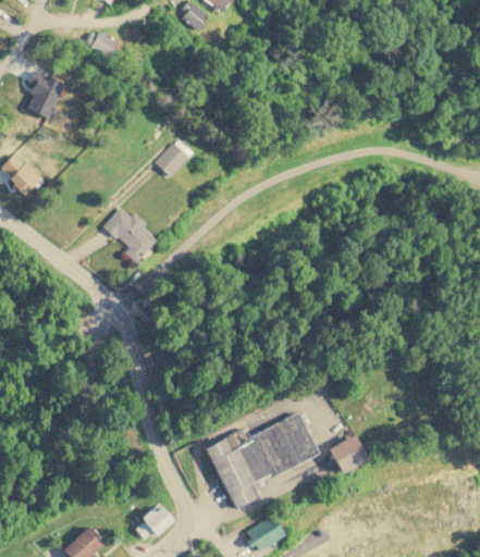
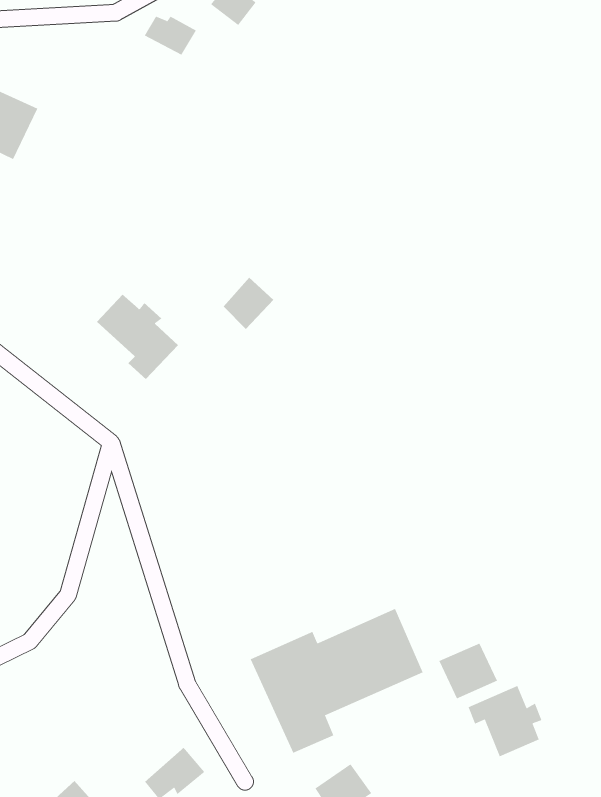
building: [84,33,119,59] -> [144,16,197,55]
building: [155,143,188,177] -> [223,277,274,330]
building: none -> [468,685,542,757]

